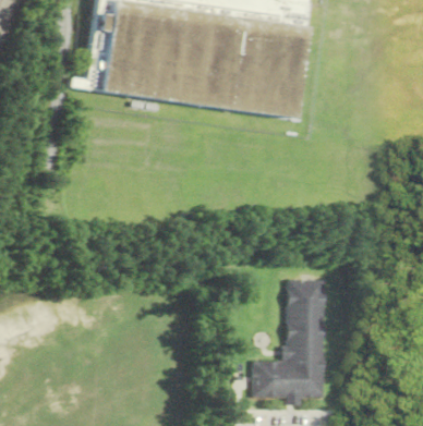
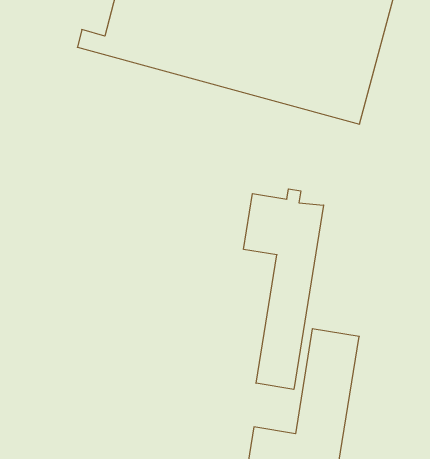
building: none -> [244,189,324,389]

